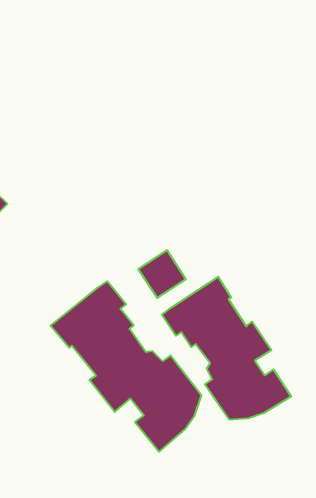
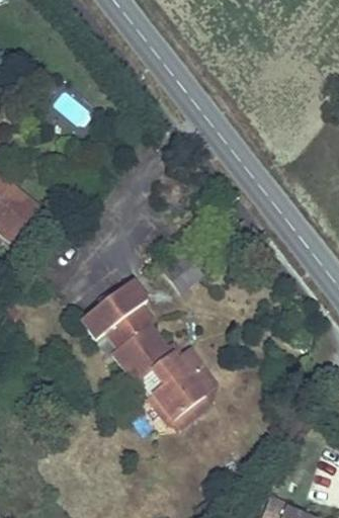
building: [162,277,291,420] -> none

